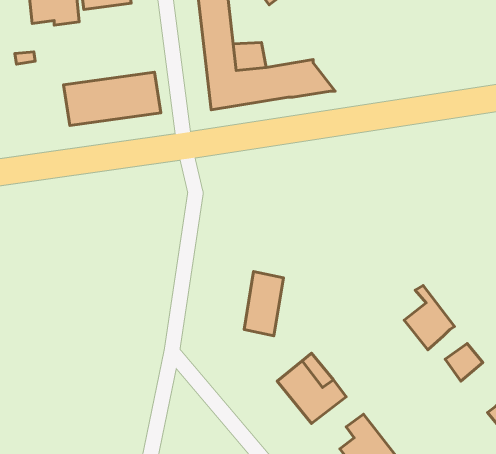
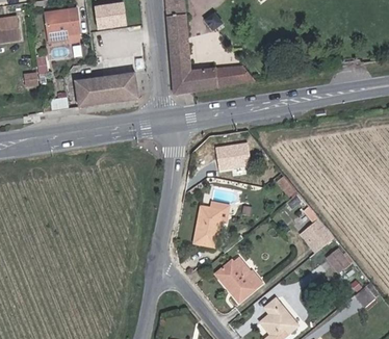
building: none -> [214,148,247,174]

